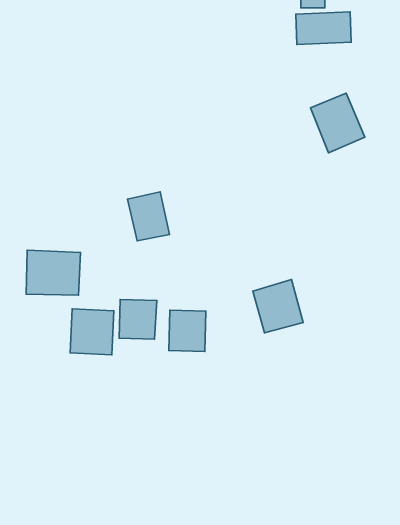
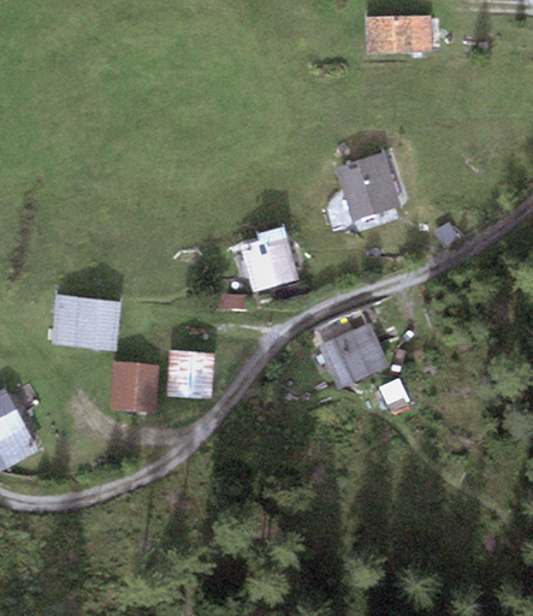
building: [311,93,365,153] -> [340,147,403,215]
building: [128,192,169,241] -> [248,230,296,286]
building: [169,310,206,351] -> none

